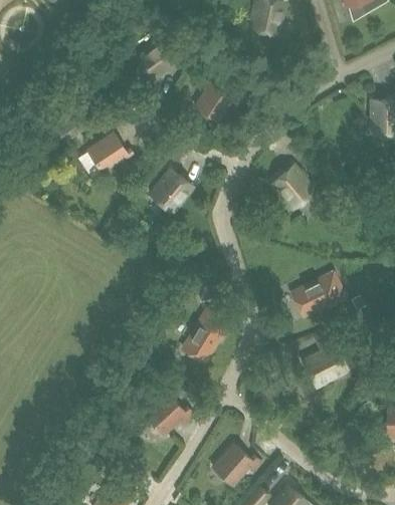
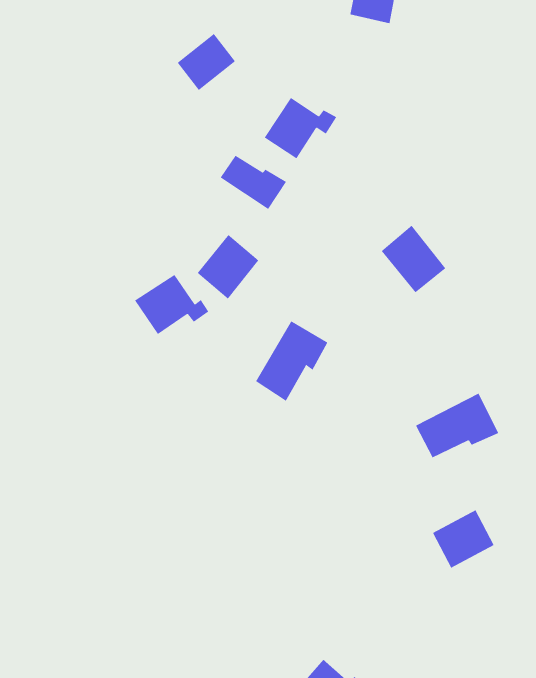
building: none -> [220,155,287,210]
building: [86,133,135,172] -> [134,274,209,335]
building: [183,309,230,361] -> [255,321,328,402]
building: [145,394,193,434] -> none

